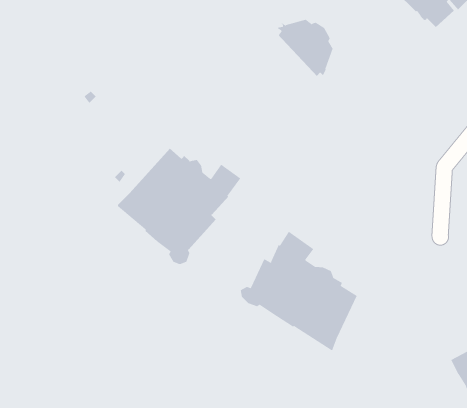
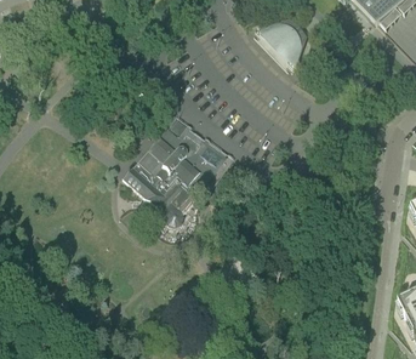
building: [240,231,357,351] -> none

